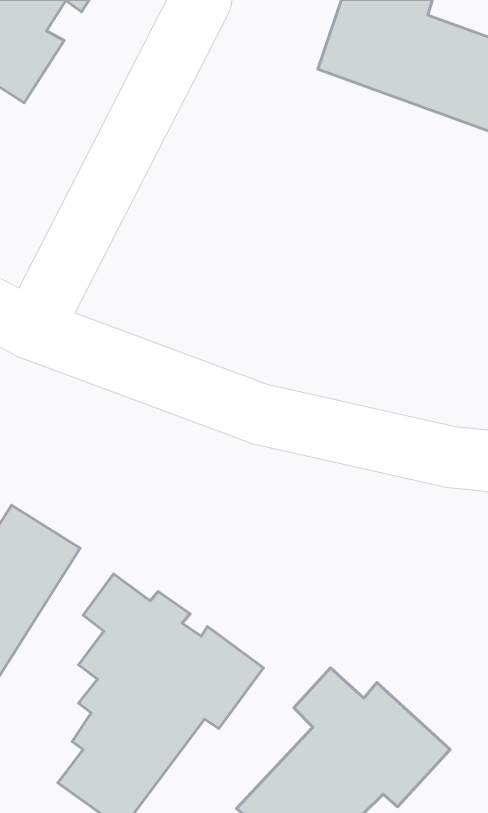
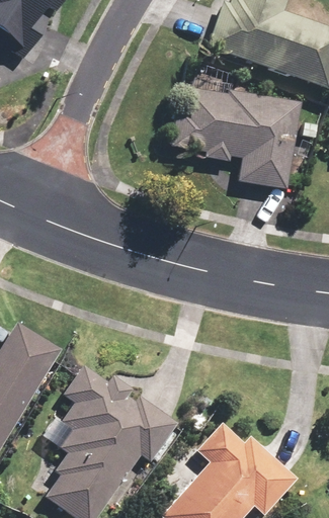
building: none -> [171,78,297,188]

